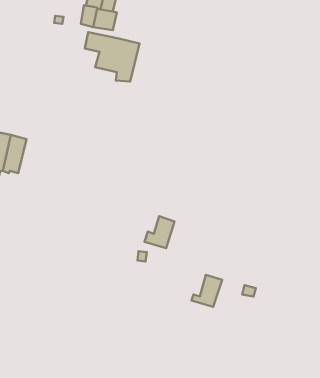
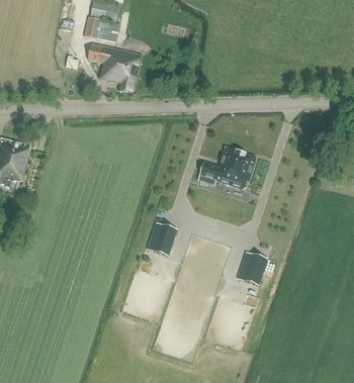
building: none -> [197,147,256,188]
building: [191,275,222,307] -> [237,253,267,284]

